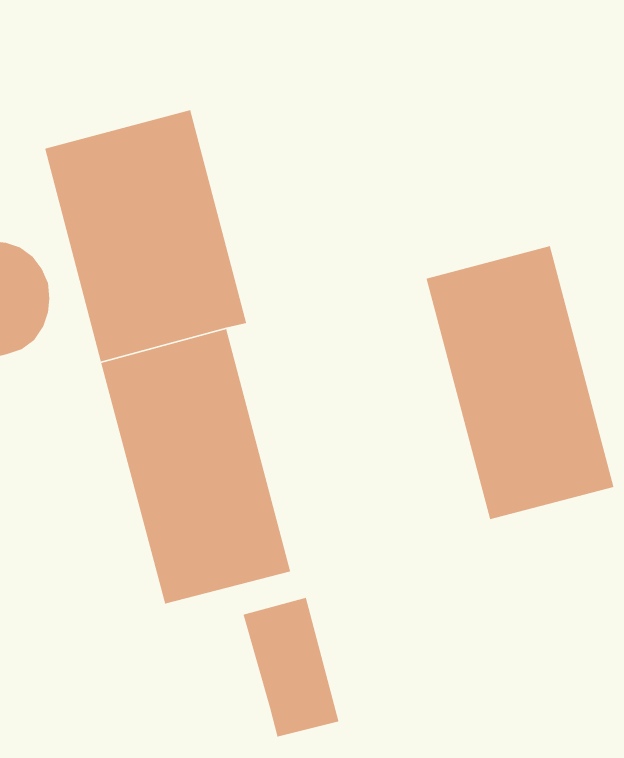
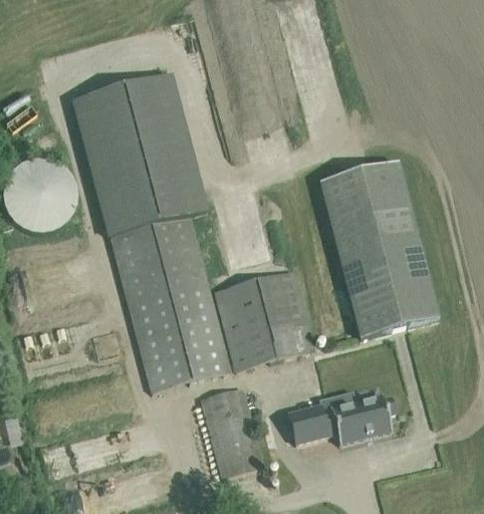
building: none -> [215,269,314,369]
building: none -> [287,395,395,443]

